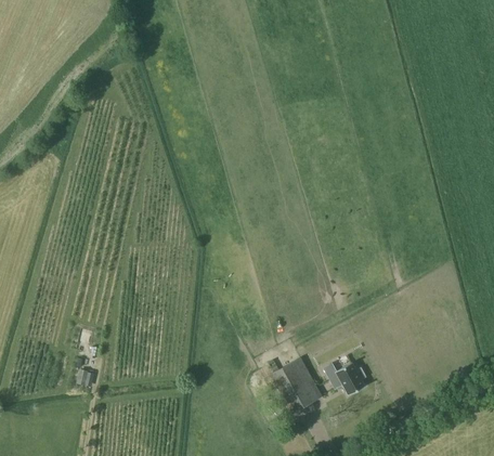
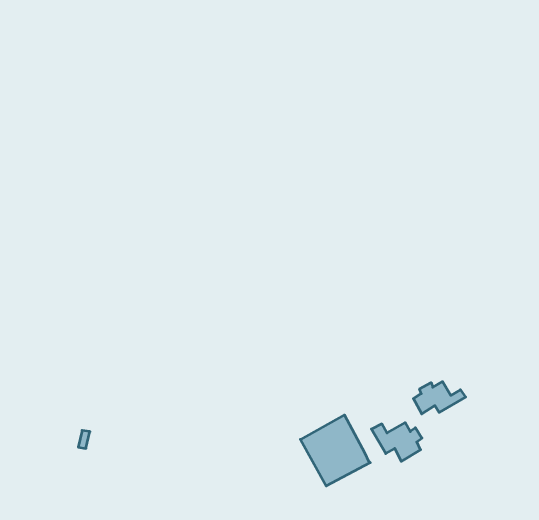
building: none -> [413,382,466,414]

